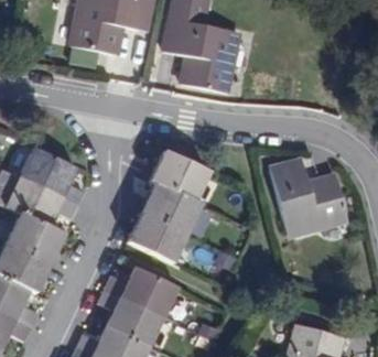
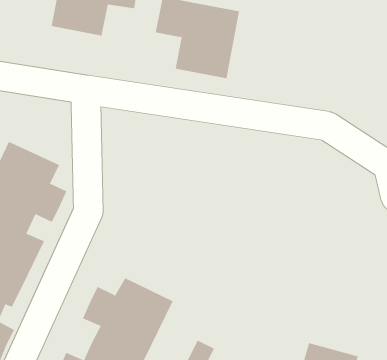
building: [127,150,207,262] -> none
building: [270,159,348,236] -> none

